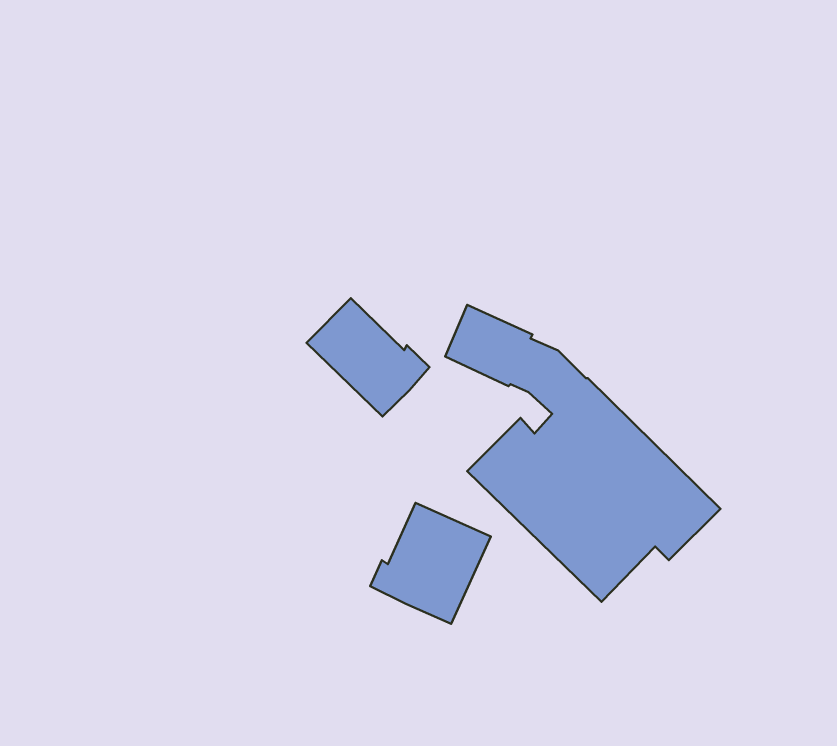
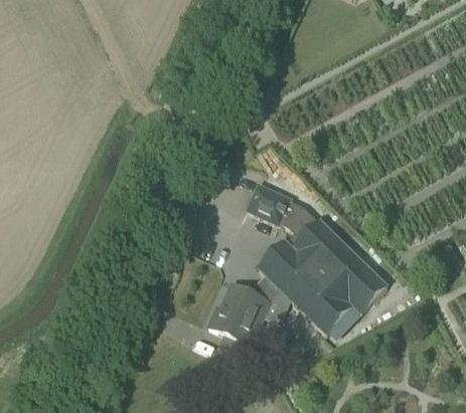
building: [307,298,430,417] -> none

